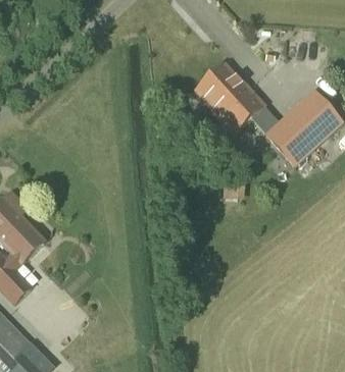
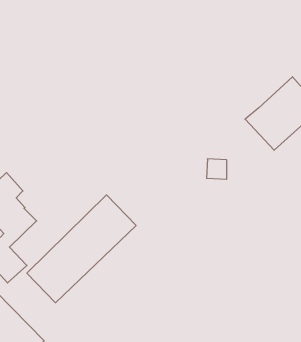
building: [196,63,279,134] -> none
building: none -> [27,195,136,303]

